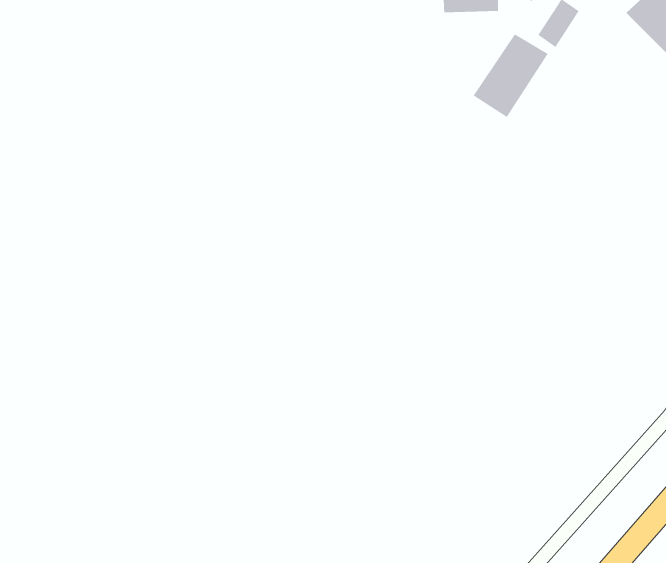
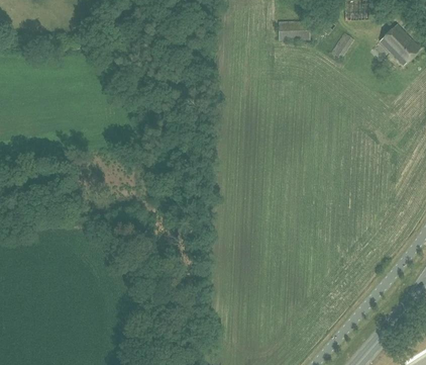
building: [473,33,549,118] -> none

